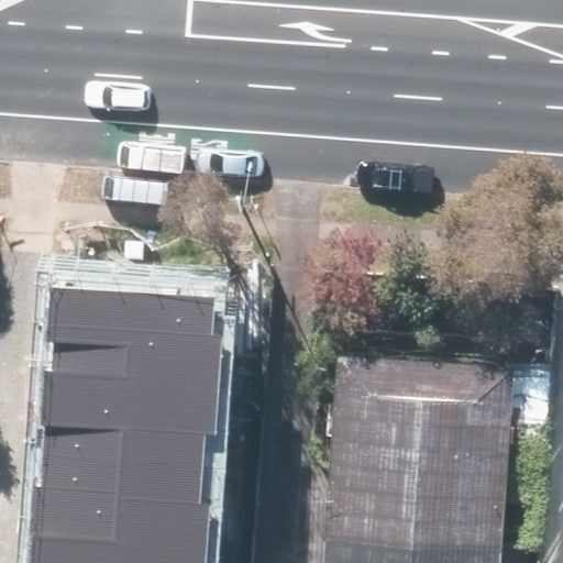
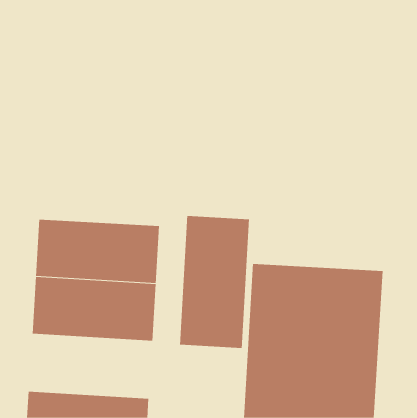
building: none -> [180,215,250,349]
building: [40,449,208,536] -> none

